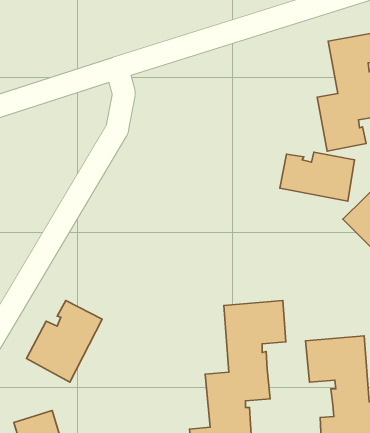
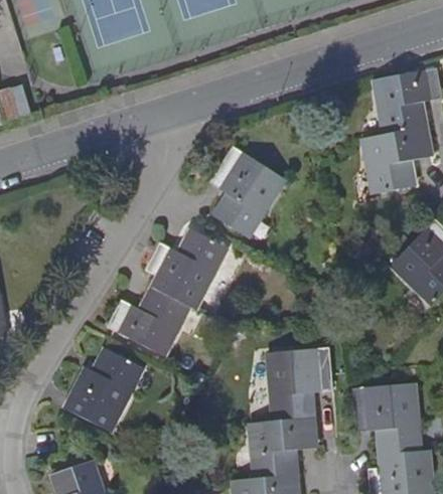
building: none -> [210,146,286,237]
building: [280,152,354,201] -> none
building: none -> [109,229,228,355]

